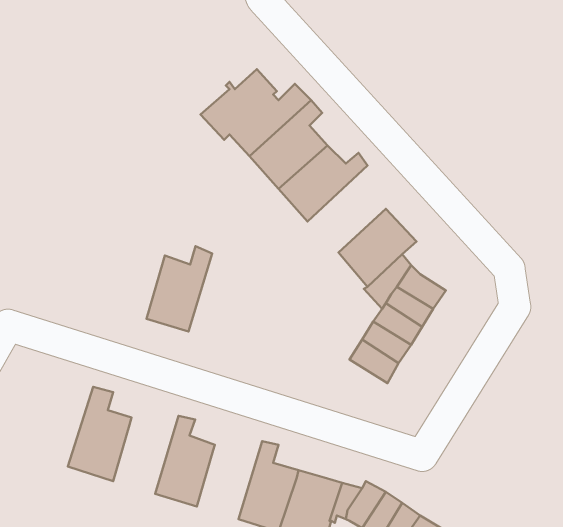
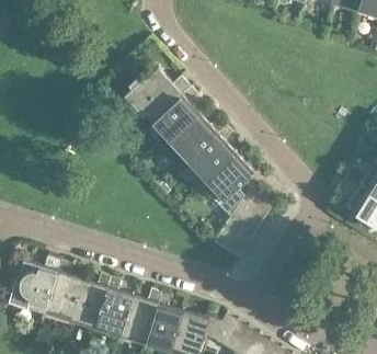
building: none -> [186,127,233,180]
building: [147,246,212,332] -> [69,274,108,326]
building: none -> [7,258,57,309]
building: none -> [119,289,159,341]

